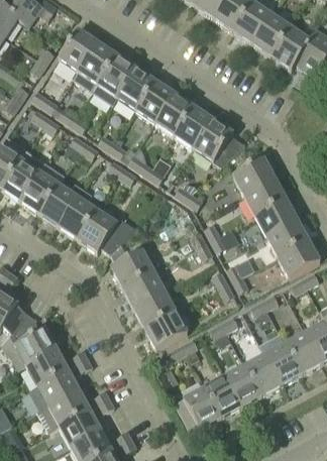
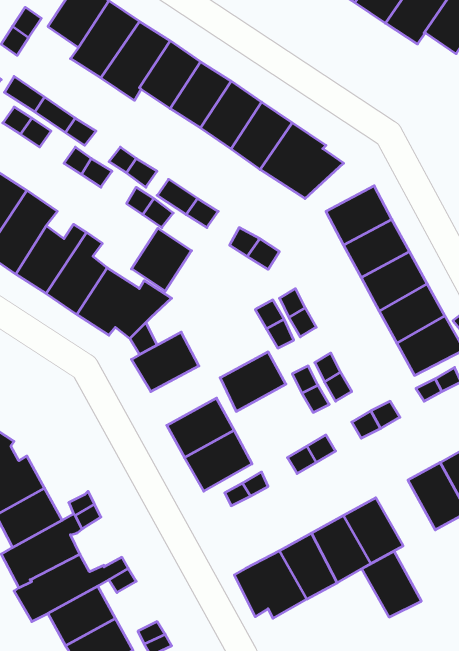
building: none -> [131,228,192,291]
building: [123,271,165,309] -> [220,352,286,411]
building: [264,343,302,384] -> [362,551,421,617]

